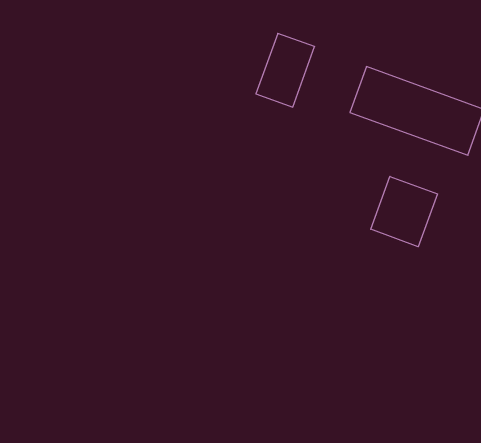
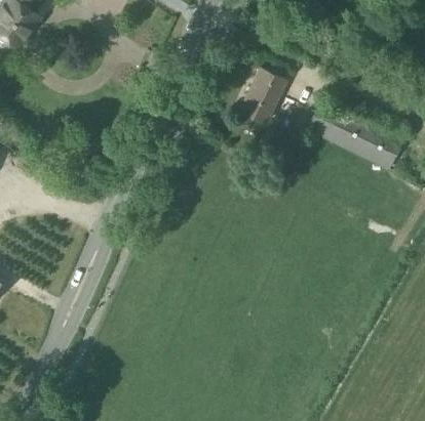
building: [371,176,437,247] -> none

